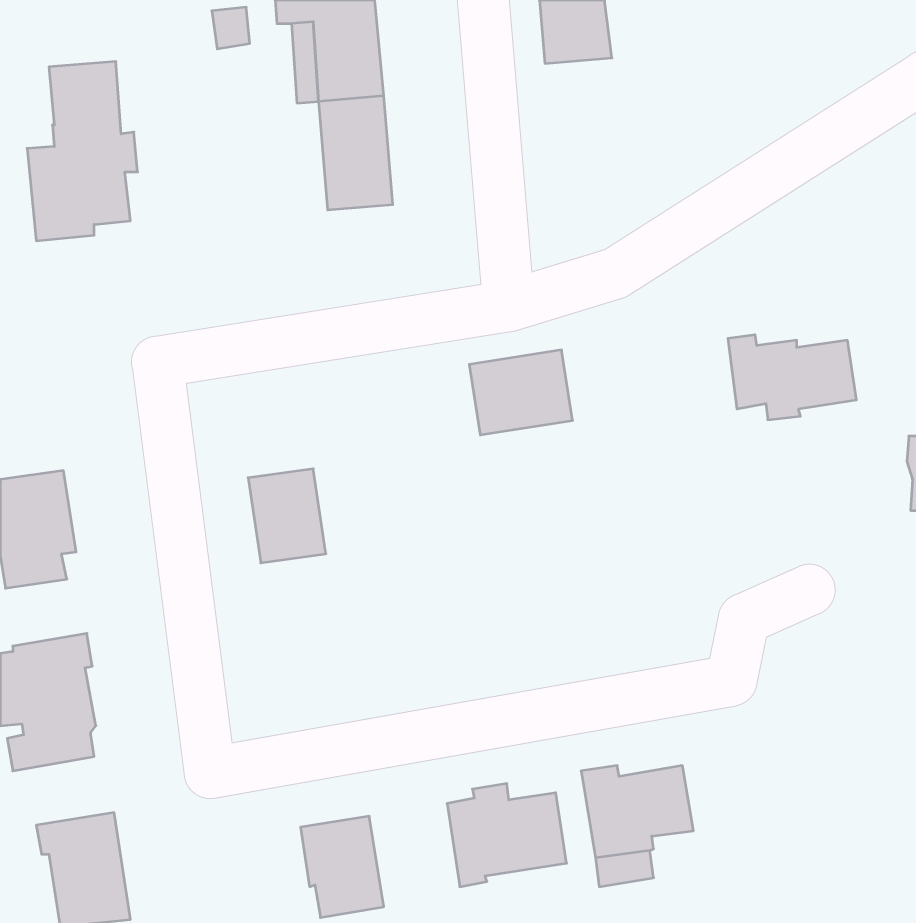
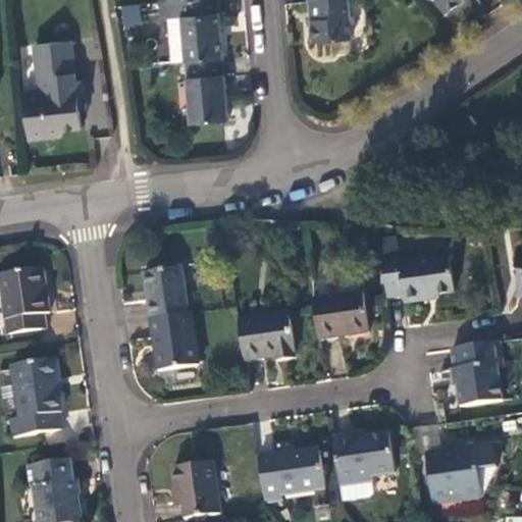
building: [728,335,856,420] -> [380,253,453,301]
building: [469,350,573,435] -> [312,294,370,342]
building: none -> [152,313,196,370]
building: none -> [238,313,296,360]
building: none -> [451,342,502,404]
building: none -> [426,445,495,502]

